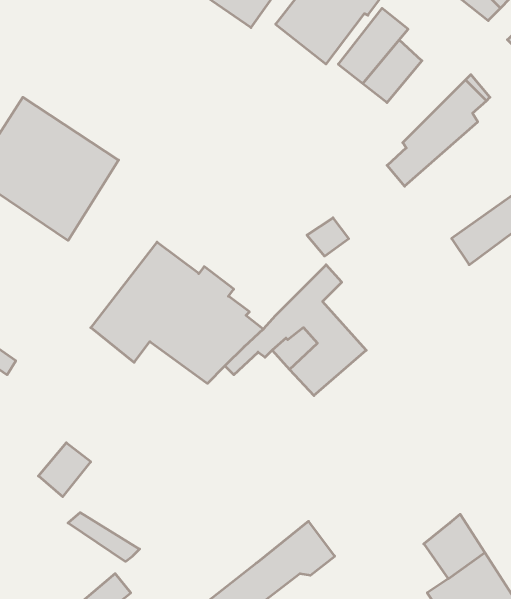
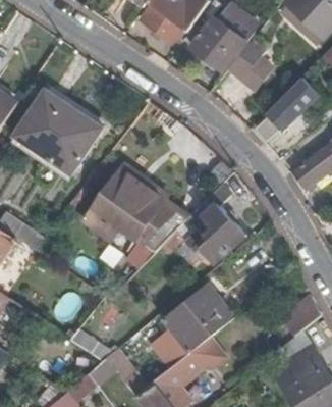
building: none -> [163,292,230,361]
building: none -> [280,297,321,338]

